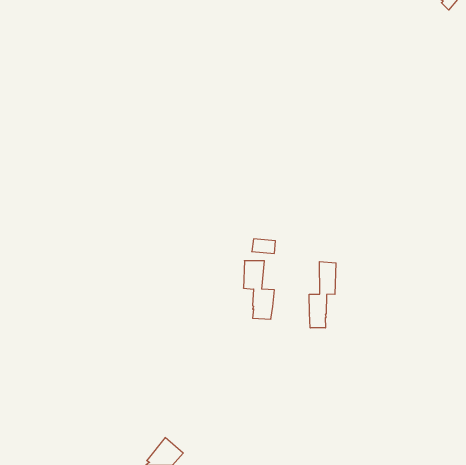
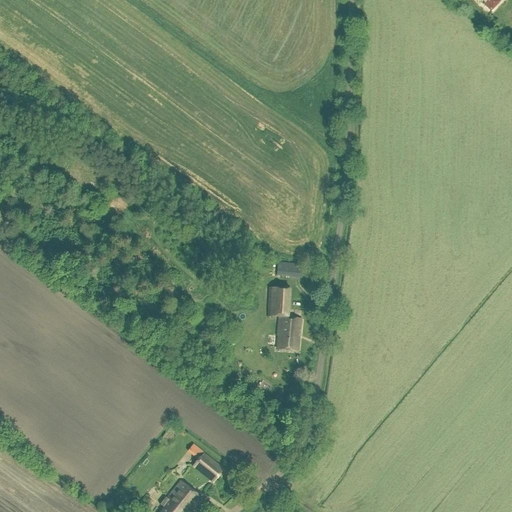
building: [309,262,336,328] -> none
building: none -> [192,452,223,482]

